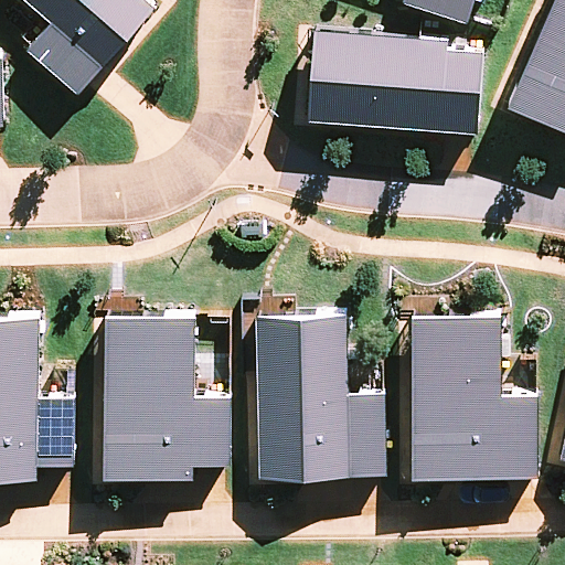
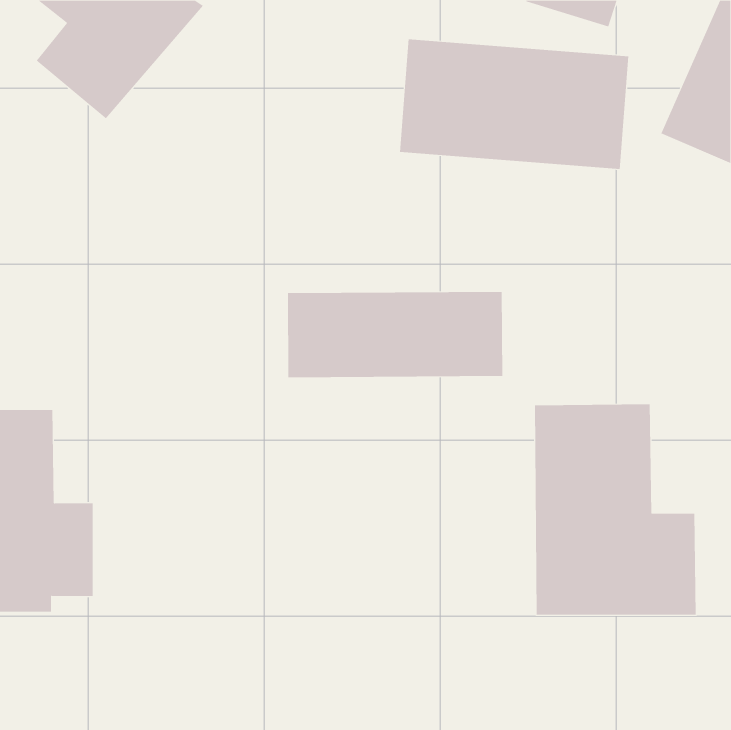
building: none -> [288,291,503,378]
building: [103,315,226,471] -> none
building: [258,318,382,480] -> none

